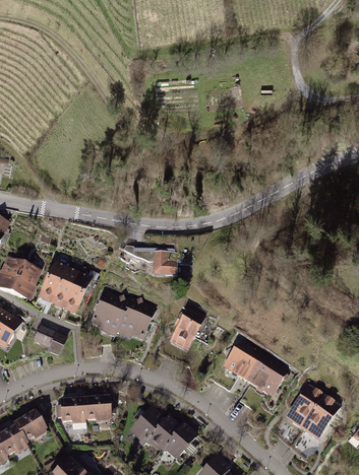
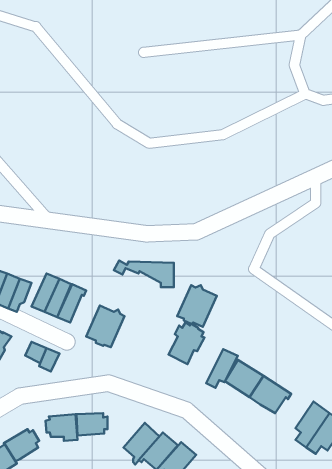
building: [117,300,155,340] -> [177,285,217,327]
building: none -> [206,349,238,388]

